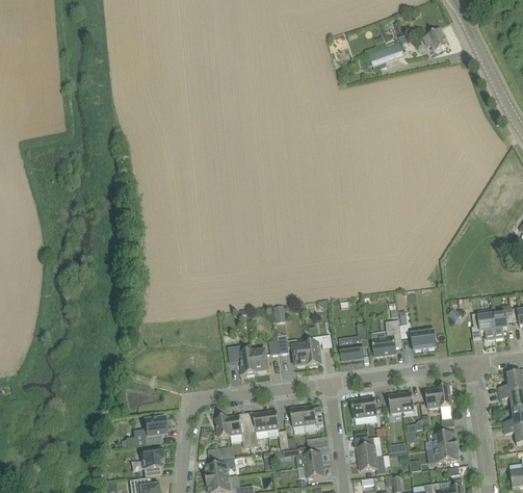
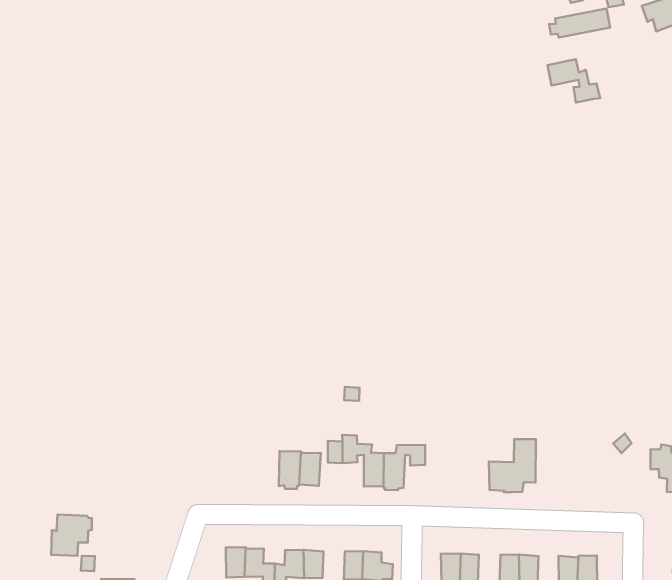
building: none -> [547,59,600,103]
building: [339,323,367,361] -> none
building: [411,331,436,351] -> none
building: [142,416,167,444] -> [51,514,92,556]

